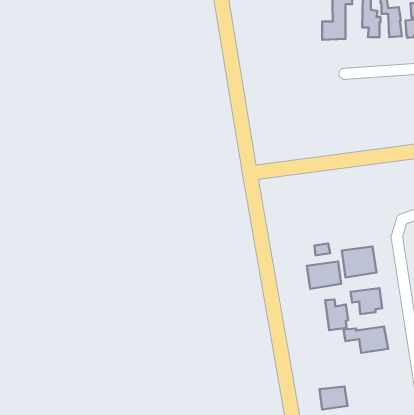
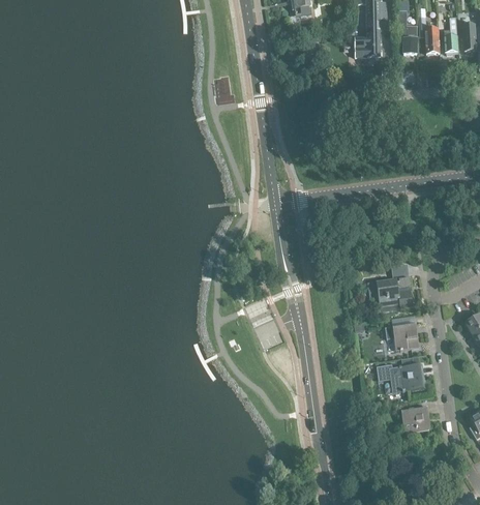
building: [307,262,341,289] -> none
building: [325,300,348,330] -> none
building: [319,386,347,410] -> [400,406,430,430]

